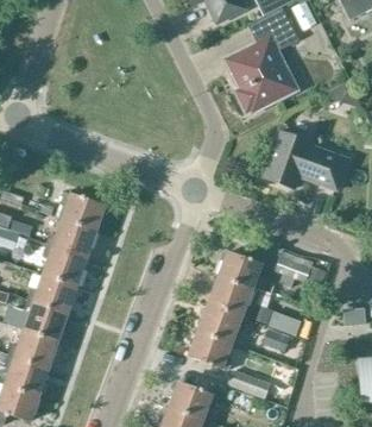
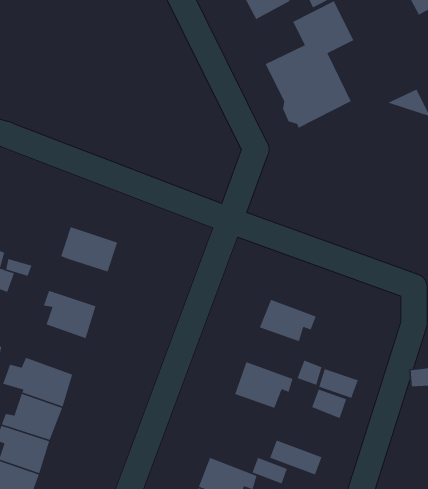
building: [261,132,347,190] -> none
building: [46,220,95,258] -> none
building: [275,250,327,285] -> none
building: [27,274,77,314] -> none
building: [208,276,252,318] -> none
building: [188,331,232,371] -> none

